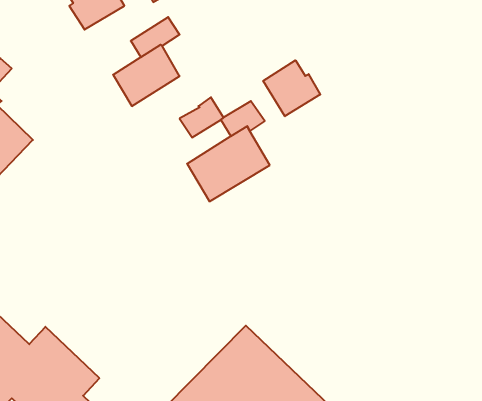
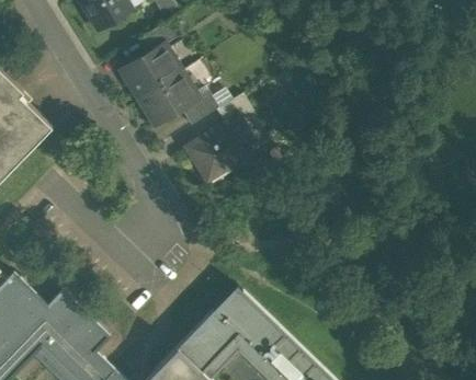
building: [263,60,320,116] -> none
building: none -> [138,71,197,124]

